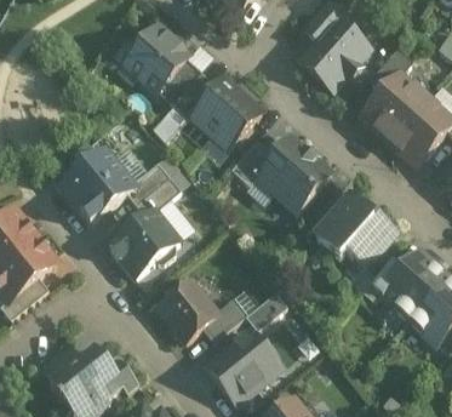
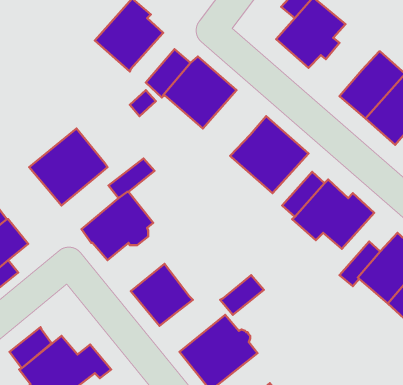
building: [370,46,413,91] -> none
building: [159,58,201,103] -> none
building: [231,139,275,184] -> none
building: [127,161,171,204] -> none
building: [204,296,248,341] -> none

